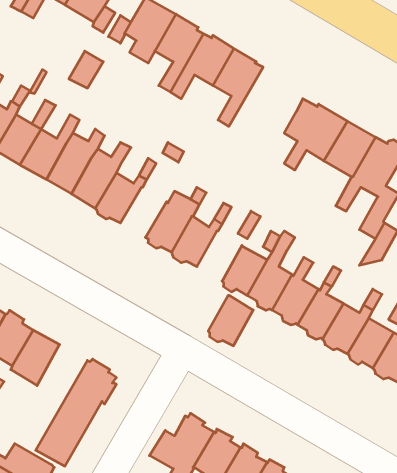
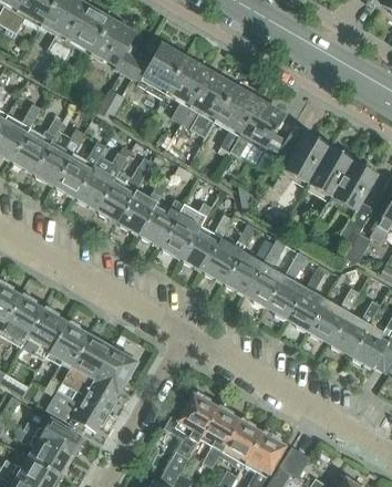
building: none -> [230,102,287,156]
building: none -> [140,198,186,245]
building: [208,296,253,346] -> [204,239,241,281]
building: none -> [61,334,112,423]

